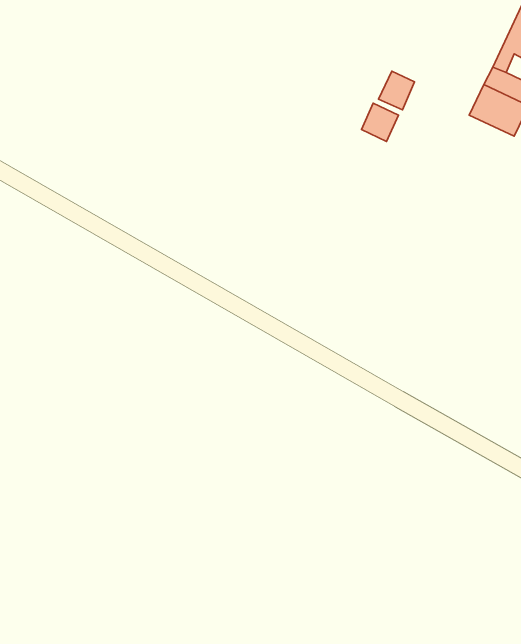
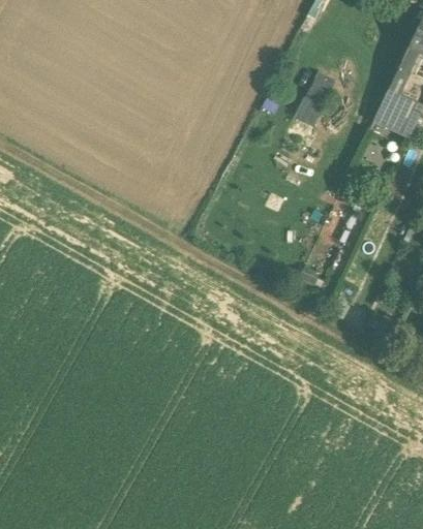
building: none -> [371,104,415,138]

